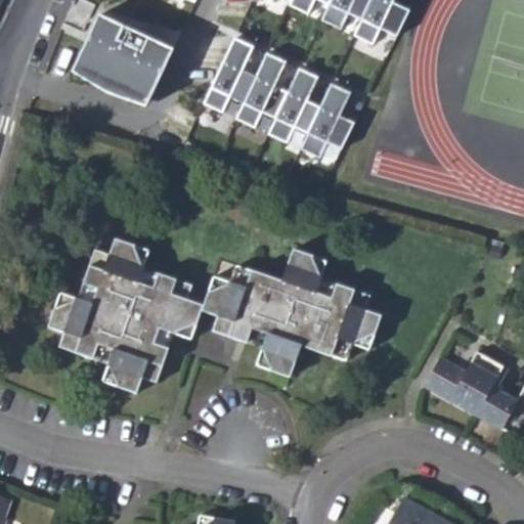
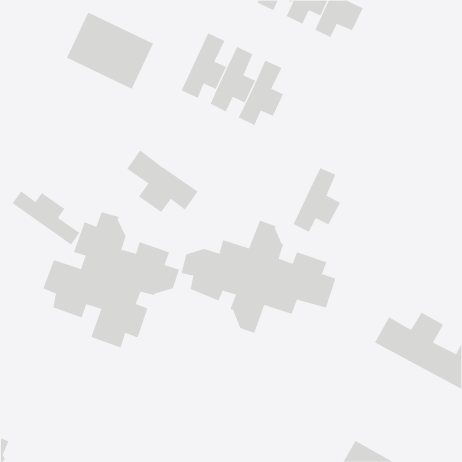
building: [302,83,356,157] -> [293,167,341,232]
building: none -> [126,150,198,213]
building: none -> [12,190,80,245]

